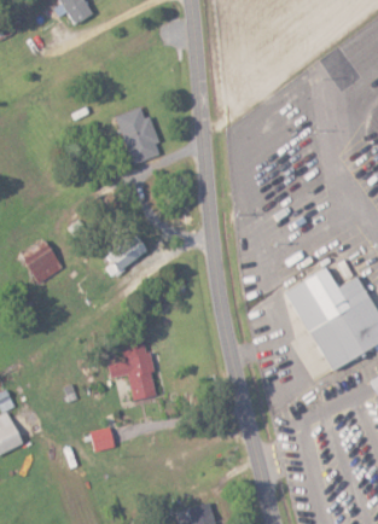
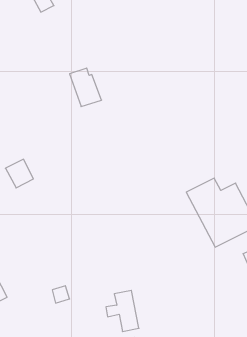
building: [103,234,150,276] -> none
building: [109,340,157,401] -> [106,290,139,332]

